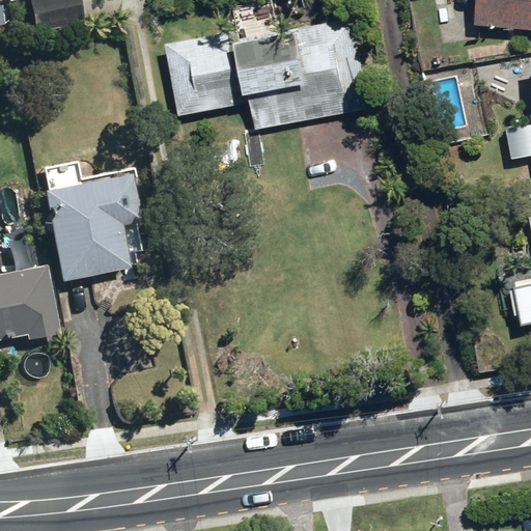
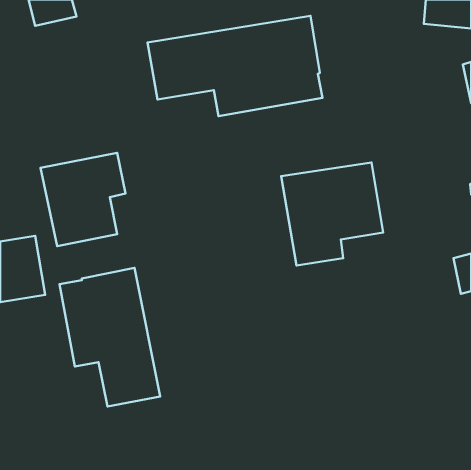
building: none -> [281,163,383,266]
building: none -> [59,268,160,406]

